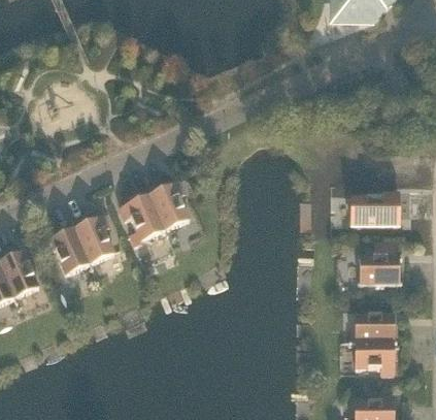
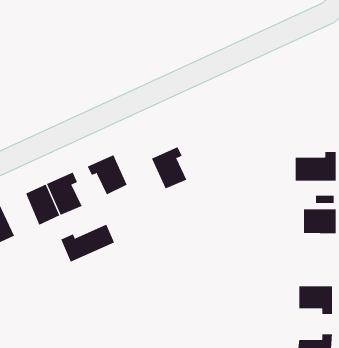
building: [147,181,188,228] -> [151,146,187,189]
building: none -> [60,224,115,262]
building: [354,314,392,341] -> none

